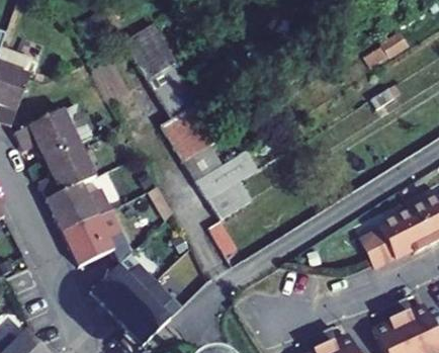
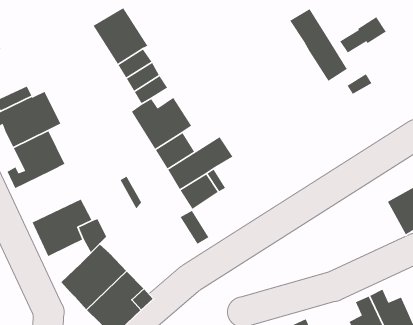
building: none -> [289,8,348,82]
building: [47,183,111,233] -> none
building: [360,212,428,268] -> none

